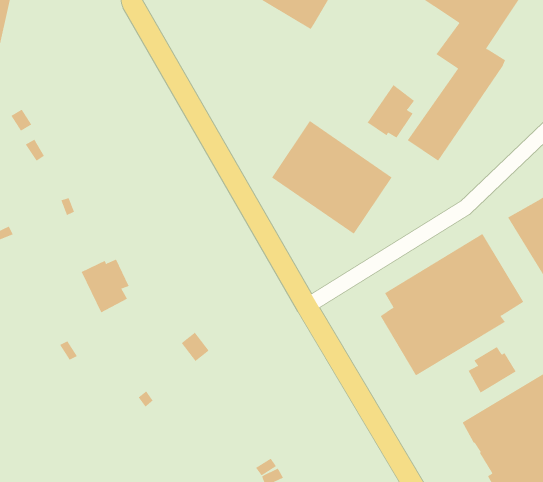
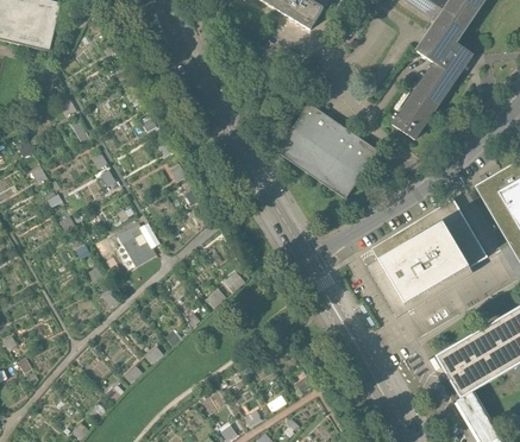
building: [367,84,415,138] -> none
building: [468,346,516,393] -> none

